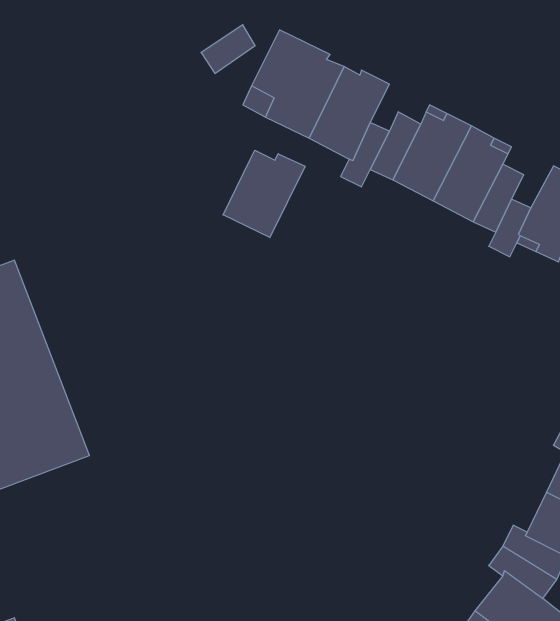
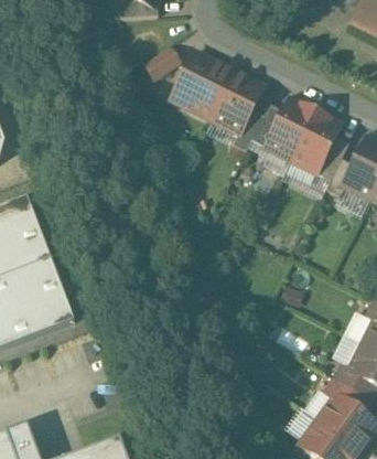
building: [223,150,305,238] -> none

